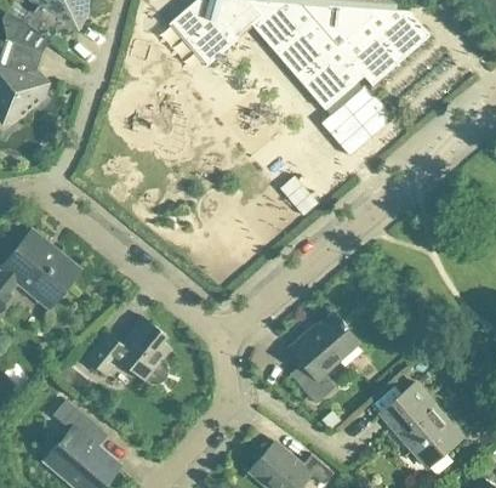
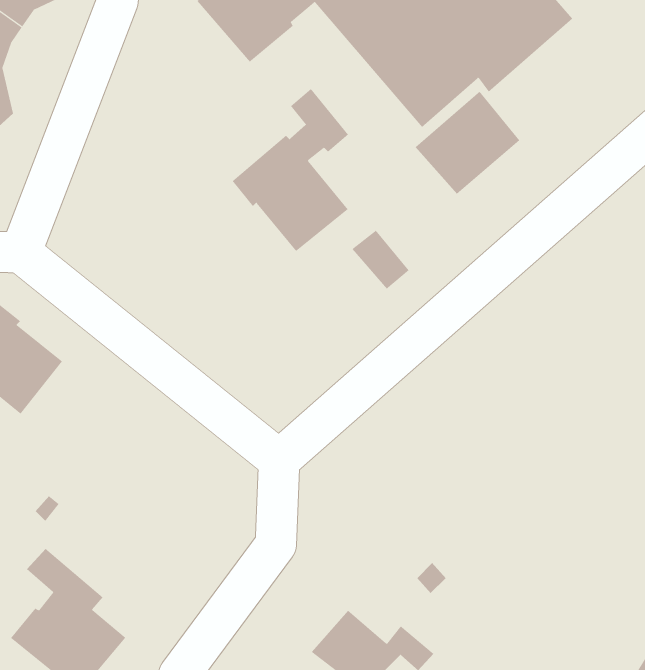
building: none -> [232,88,349,252]
building: [289,312,358,403] -> none
building: [86,316,171,384] -> none
building: [381,382,463,466] -> none

